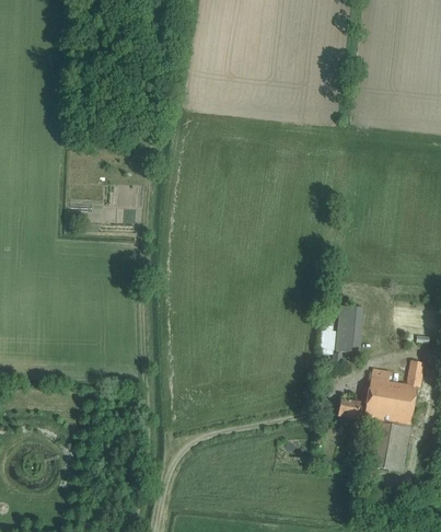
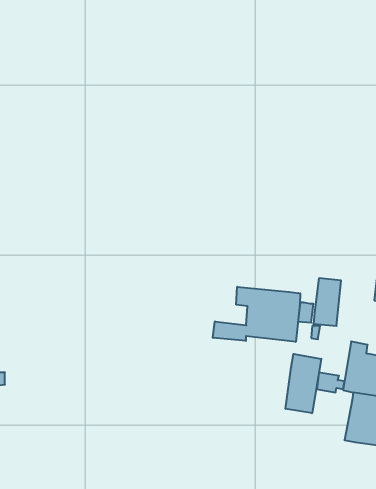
building: none -> [213,287,300,342]
building: none -> [286,354,321,413]

